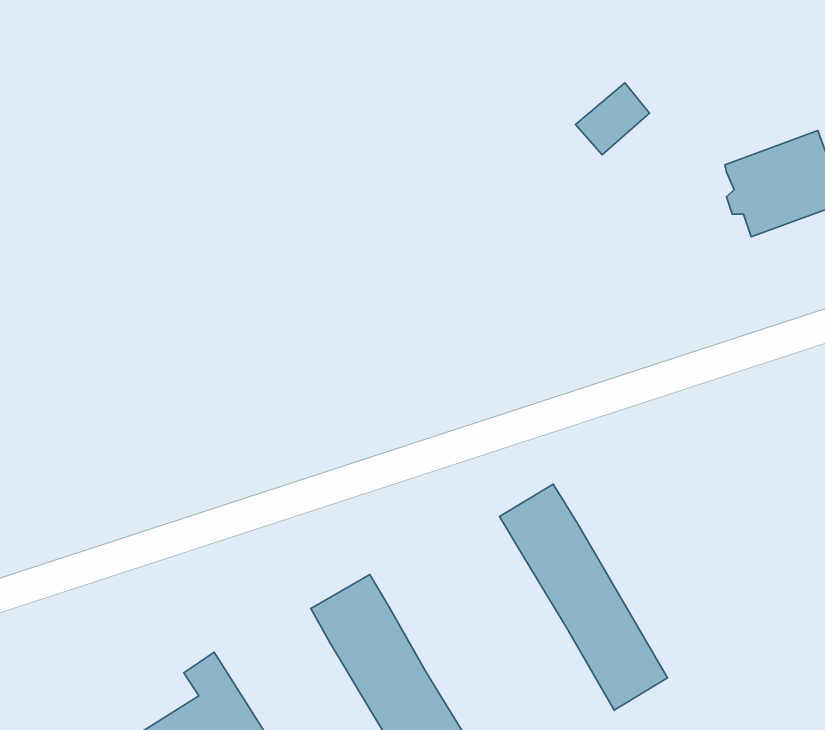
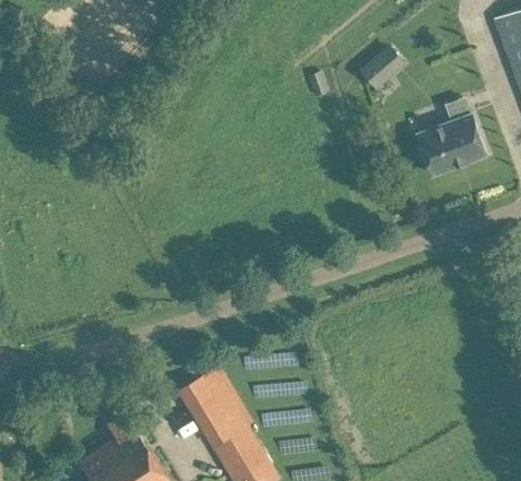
building: [575,83,649,155] -> [362,47,404,88]
building: [500,484,668,710] -> none

